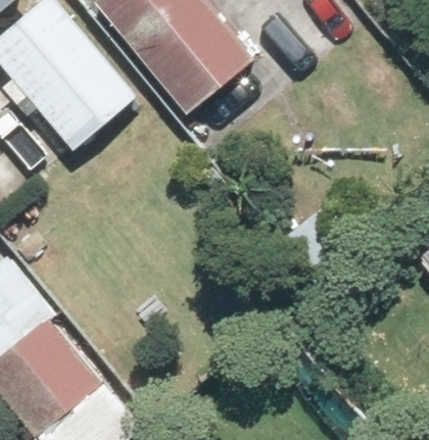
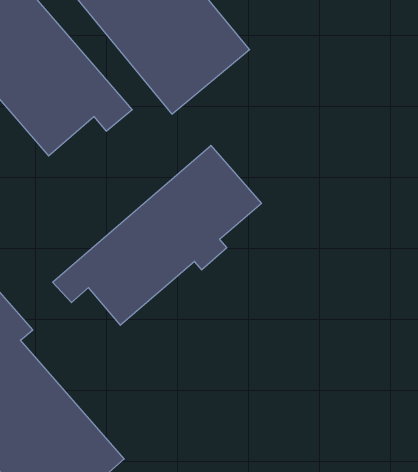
building: none -> [53,145,261,325]

